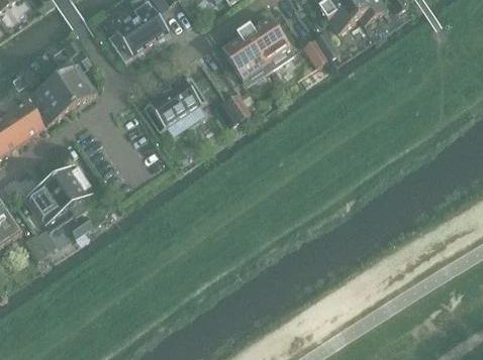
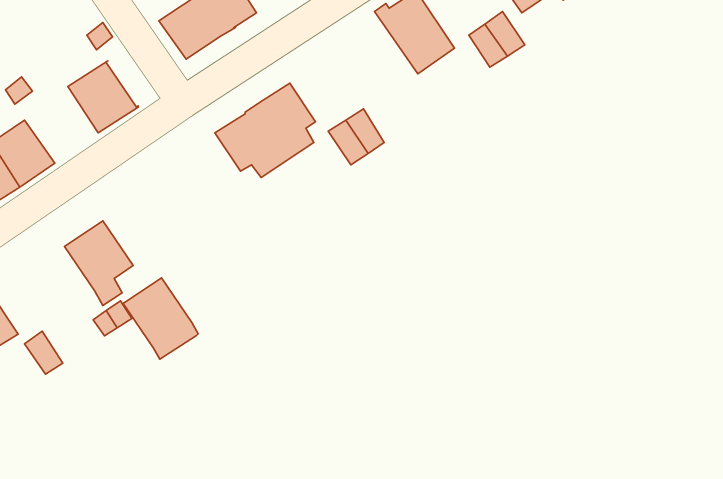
building: [222,30,271,86] -> none
building: [25,78,69,123] -> none
building: [23,178,71,230] -> [123,278,198,359]

